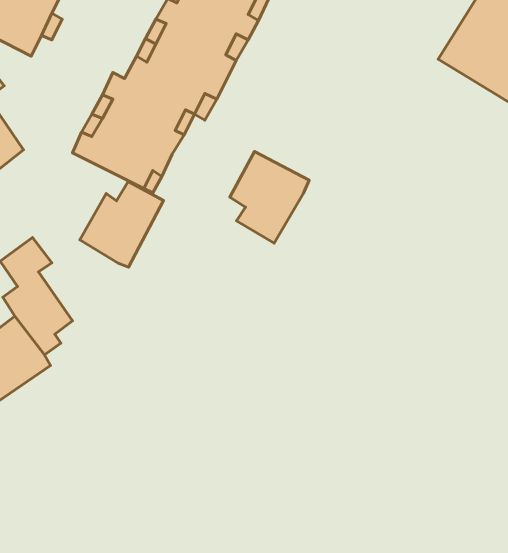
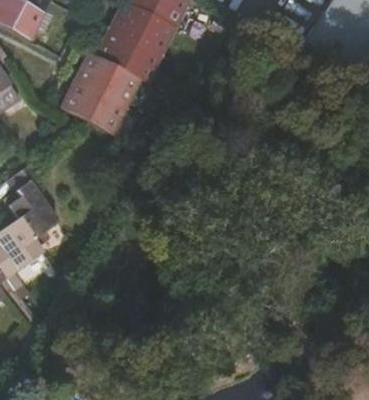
building: [230,152,309,243] -> none
building: [80,181,164,267] -> none

